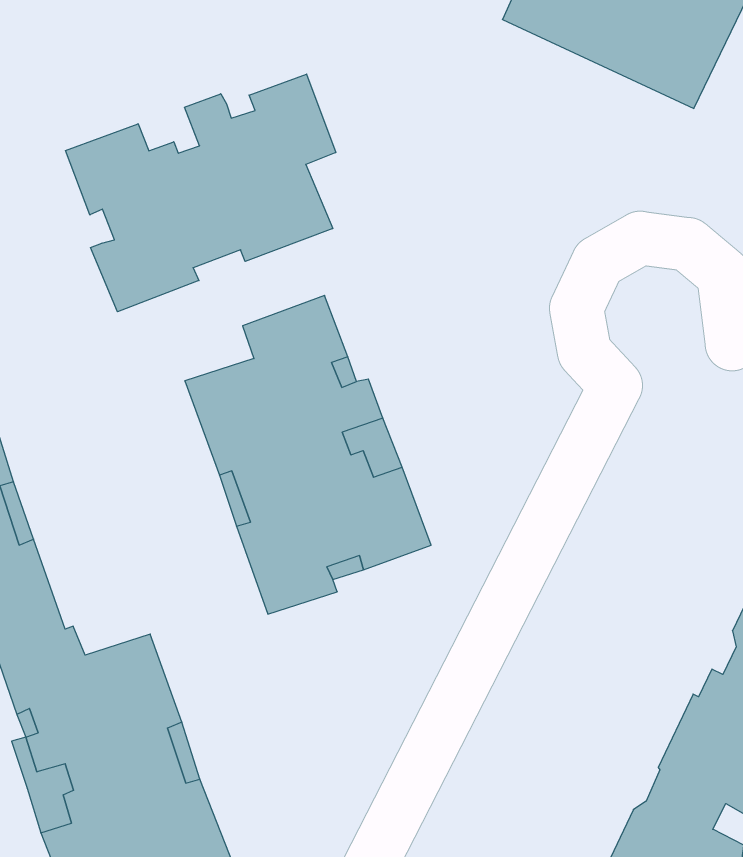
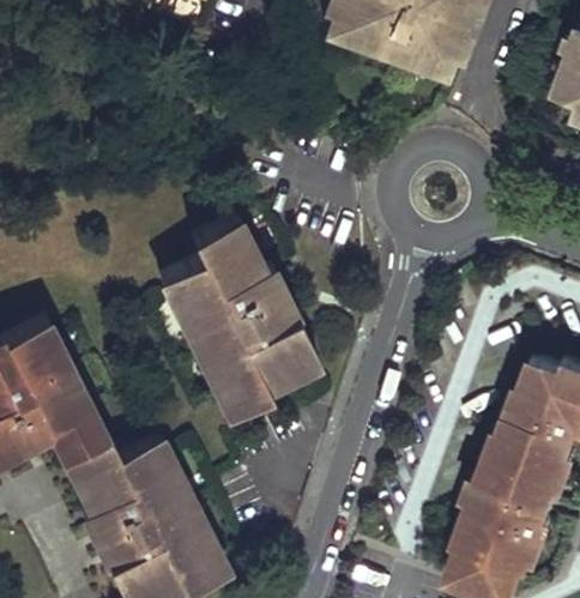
building: [65,74,336,312] -> none

